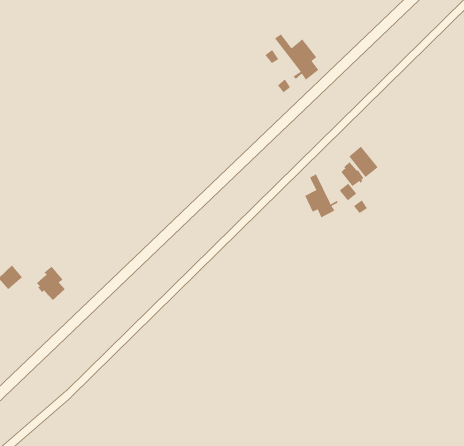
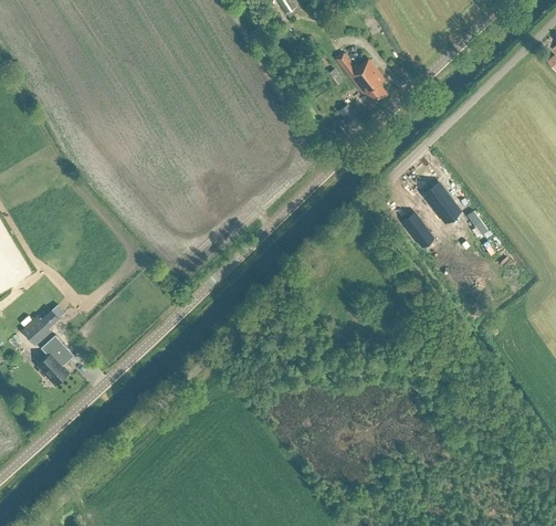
building: [304,173,338,218] -> none
building: [36,266,65,301] -> [40,343,73,382]

